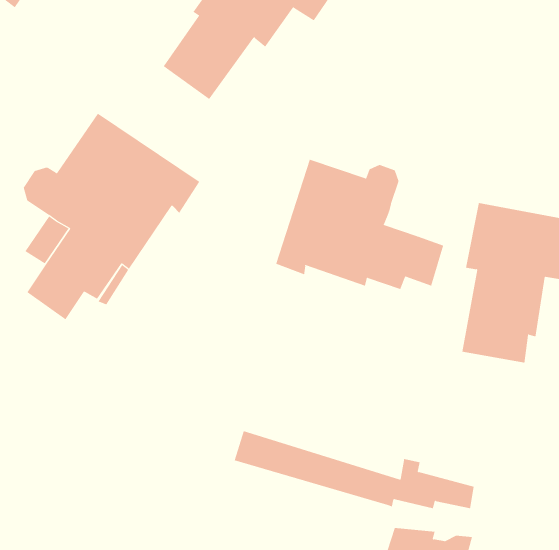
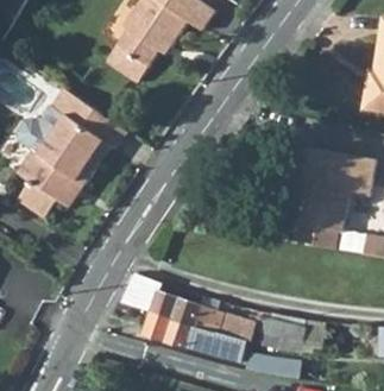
building: [275,159,444,290] -> none
building: none -> [141,309,247,360]

